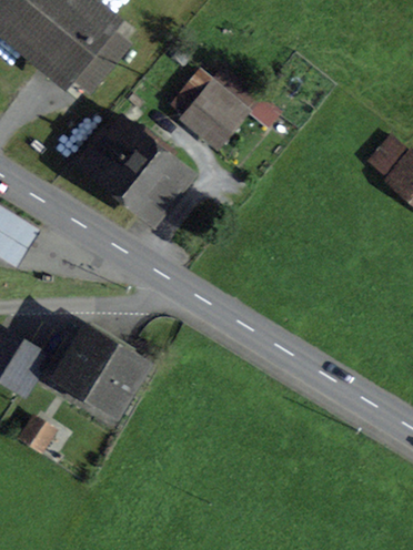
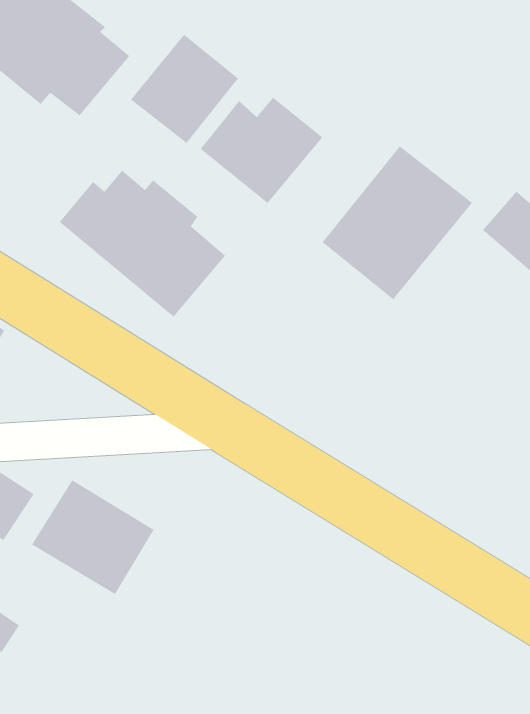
building: none -> [130,34,239,144]
building: none -> [322,145,473,300]

